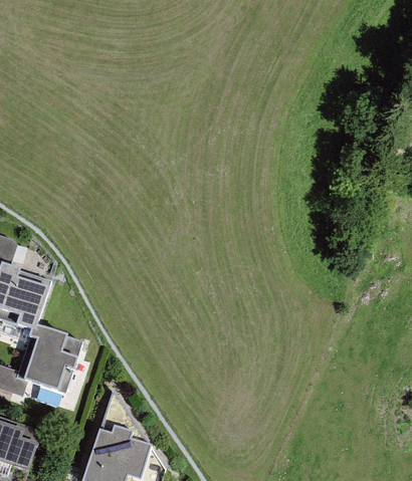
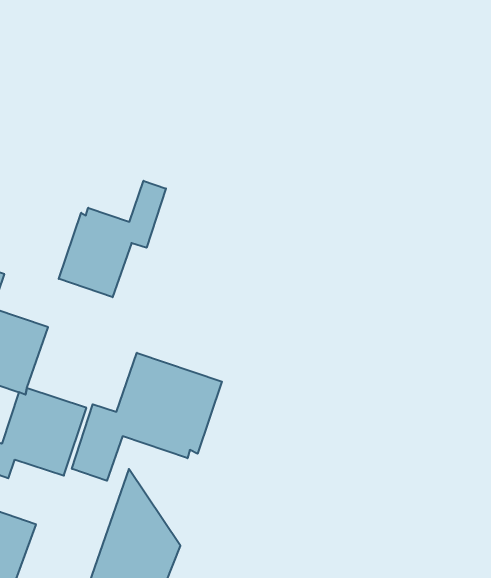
building: none -> [59,181,166,297]
building: none -> [72,353,222,481]

